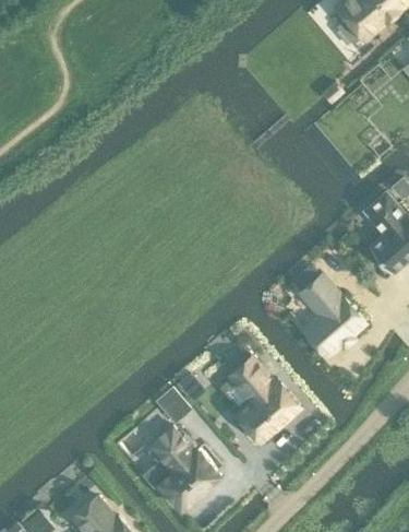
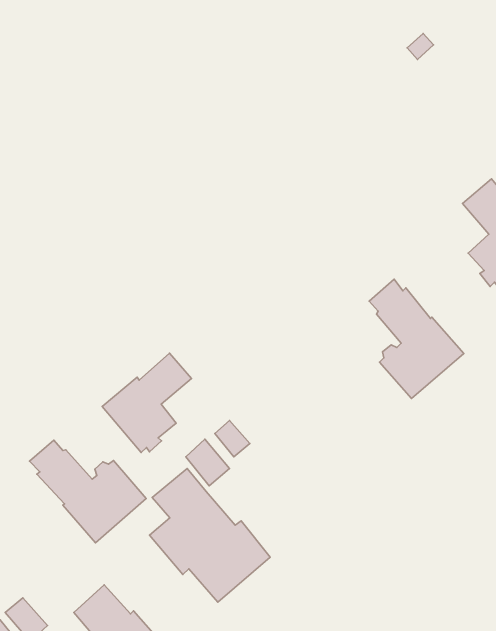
building: none -> [102,353,191,452]
building: [228,355,298,438] -> none
building: none -> [29,440,146,543]

